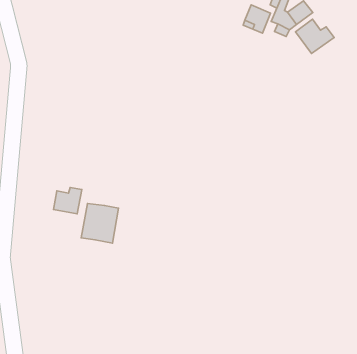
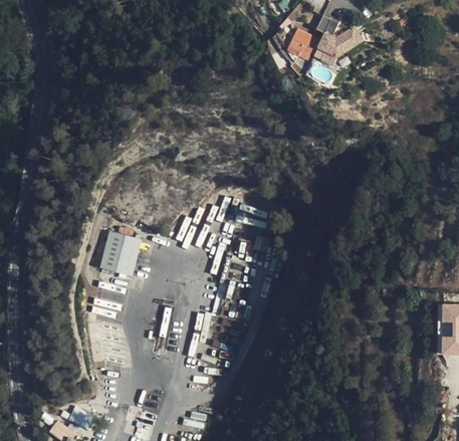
building: [295,19,334,54] -> none
building: [54,188,82,214] -> none

